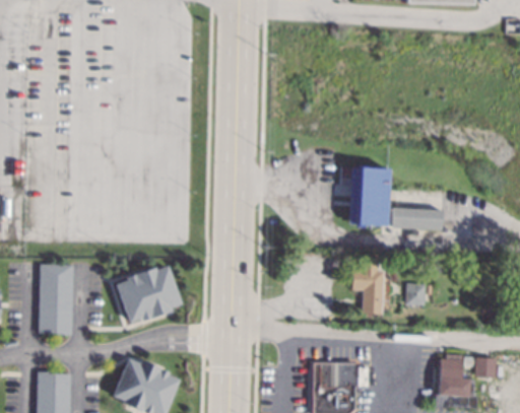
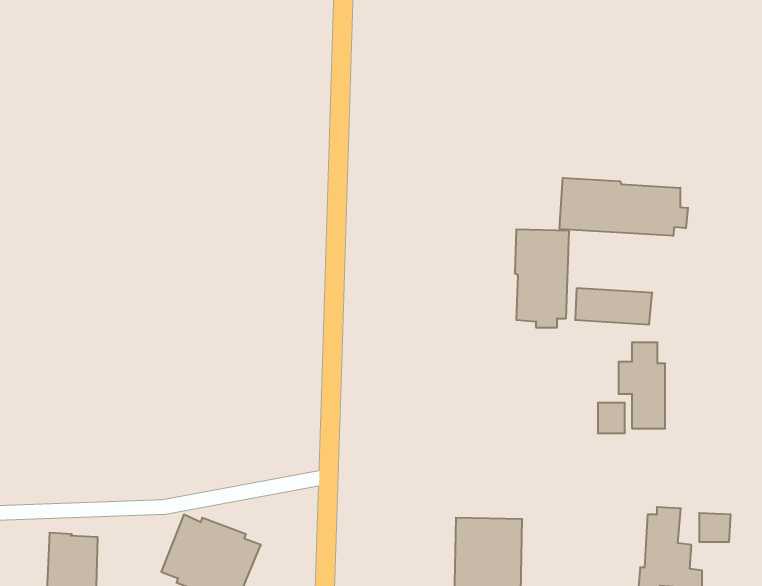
building: none -> [560,178,688,236]
building: [352,256,384,314] -> [618,342,665,428]
building: [39,264,74,336] -> none
building: [117,266,183,323] -> none

